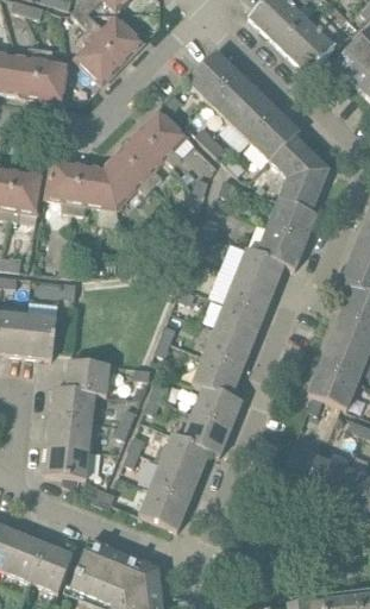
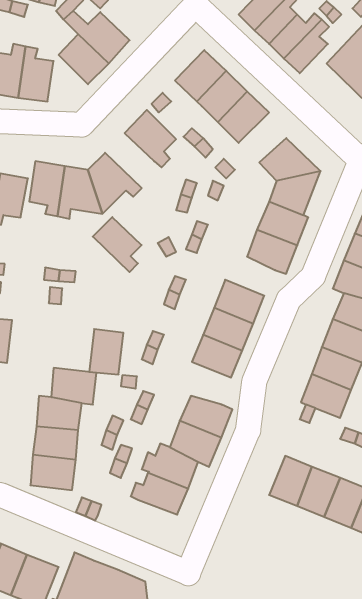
building: [249,111,300,159] -> none
building: [119,131,167,184] -> [93,217,142,272]
building: [236,246,284,289] -> none
building: [24,313,57,357] -> [89,329,123,374]
building: [192,353,242,395] -> none
building: [139,488,189,530] -> none

